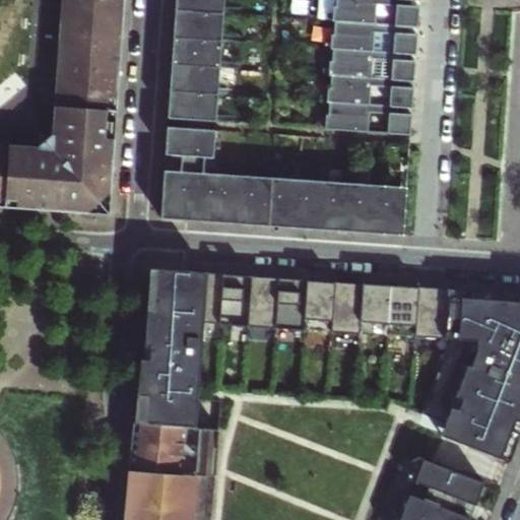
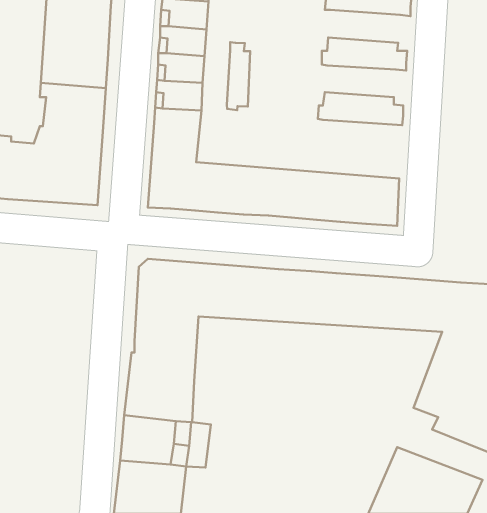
building: [333,21,417,55] -> none
building: none -> [227,42,250,110]
building: [329,76,414,108] -> none

